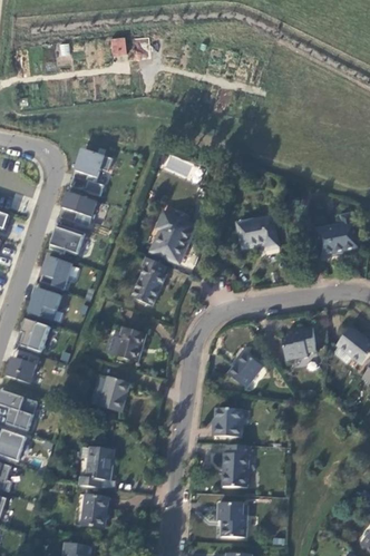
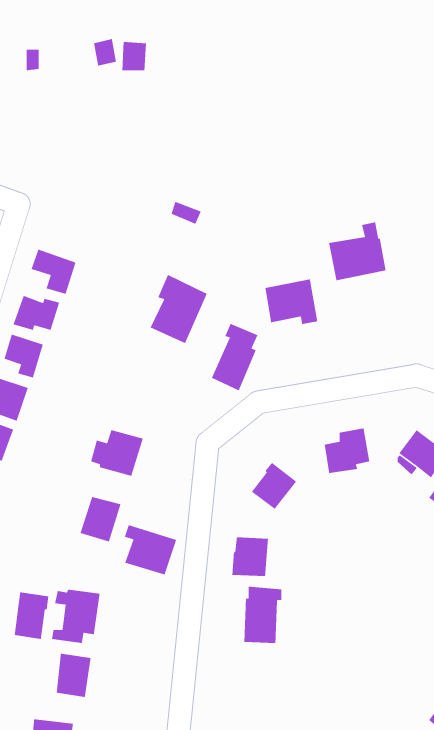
building: [75,148,111,196] -> none
building: [314,212,358,256] -> [328,221,386,281]
building: [130,255,166,306] -> [211,323,258,392]
building: none -> [124,524,177,576]
building: none -> [14,592,49,640]
building: [216,503,245,537] -> none

